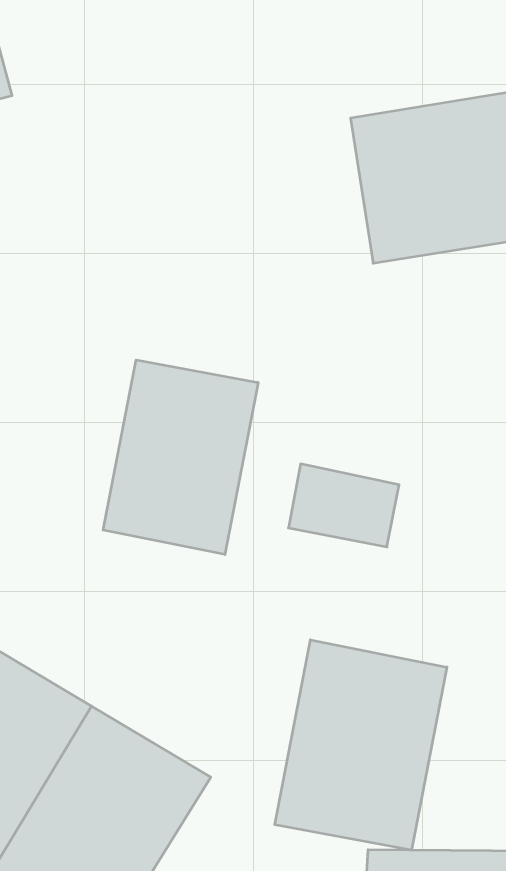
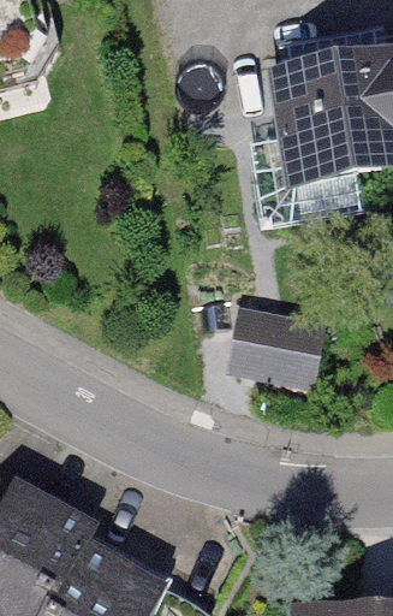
building: [103,360,258,555] -> none
building: [275,640,447,850] -> none

